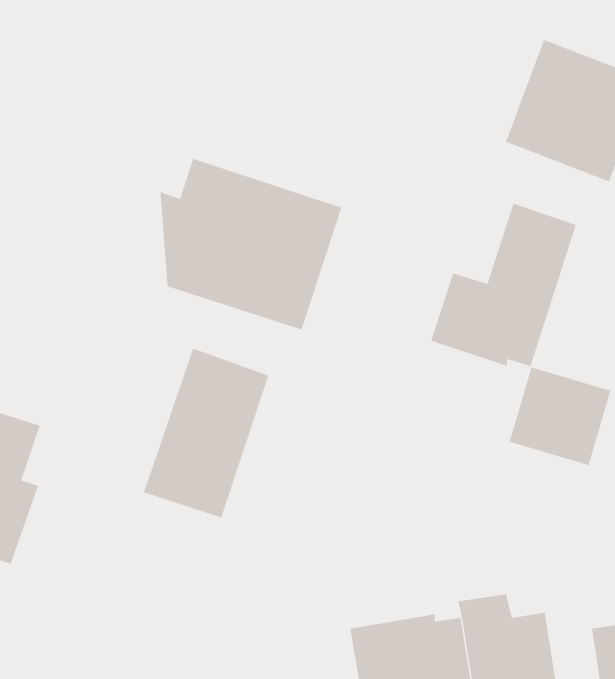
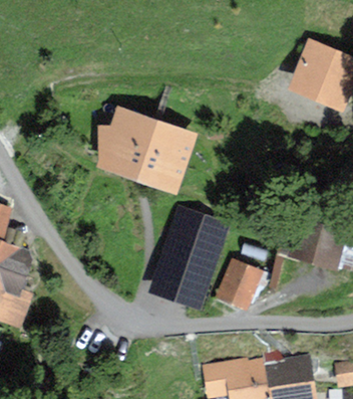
building: [430,203,577,367] -> none
building: [143,348,269,518] -> [154,217,224,311]
building: none -> [215,257,263,310]

